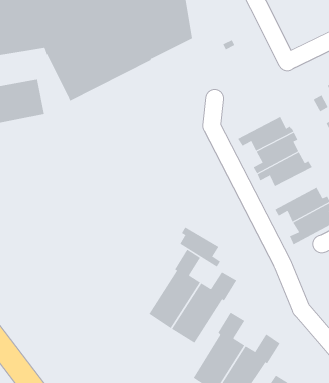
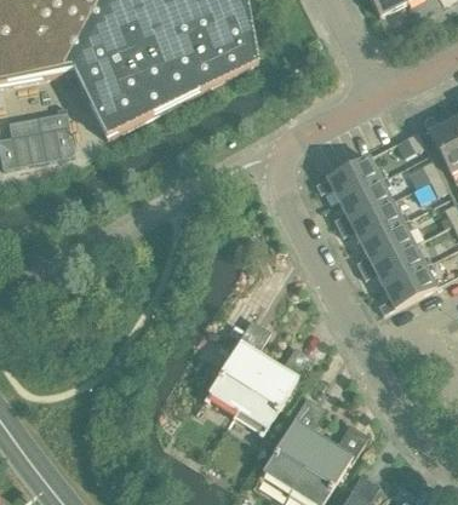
building: none -> [355,219,412,271]
building: [179,226,221,267] -> none

